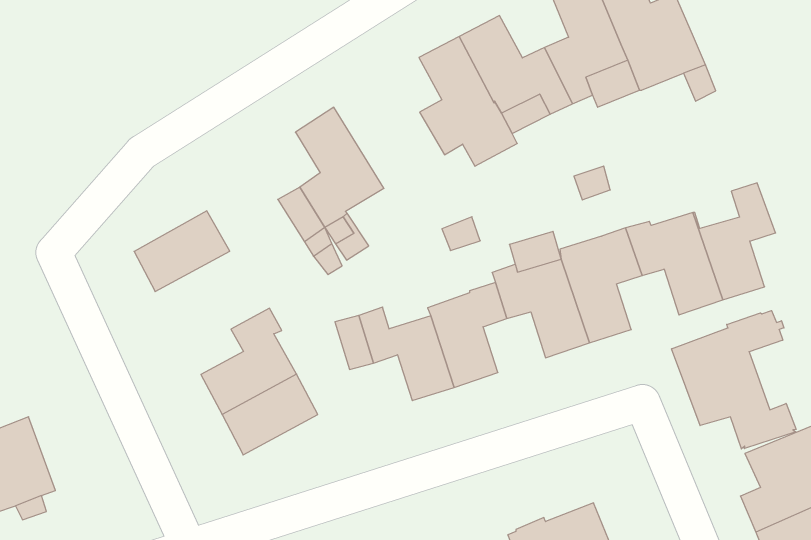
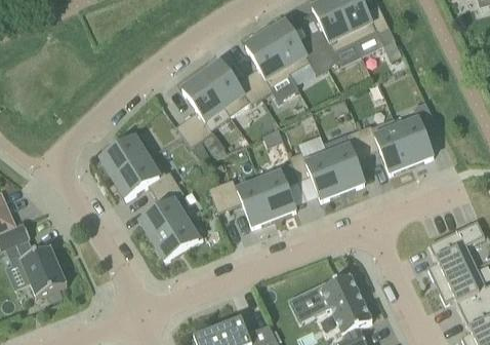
building: none -> [201,61,260,115]
building: none -> [113,153,173,196]
building: [672,311,796,449] -> none

